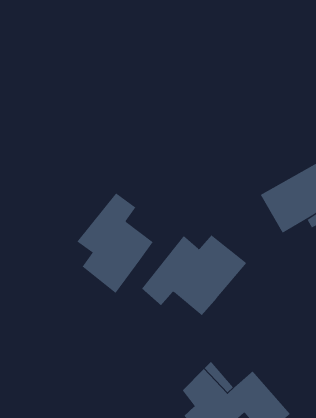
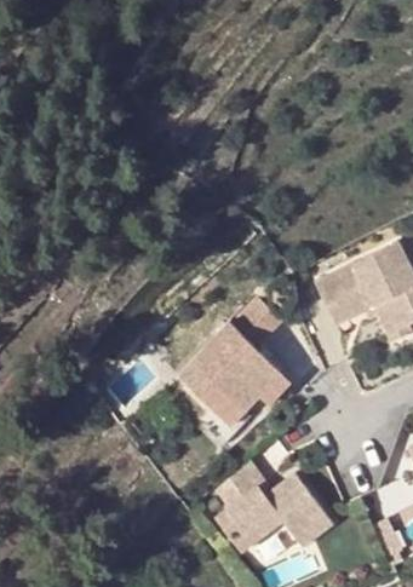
building: [76,193,154,294] -> none
building: none -> [199,384,268,433]

